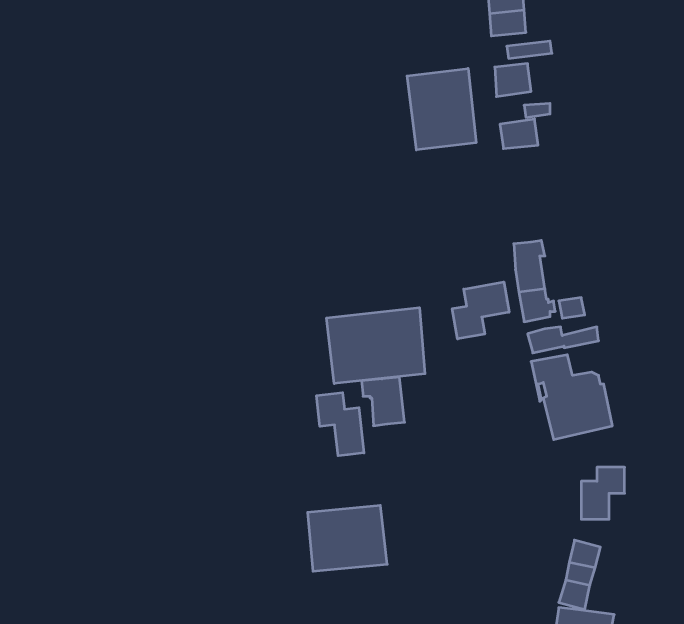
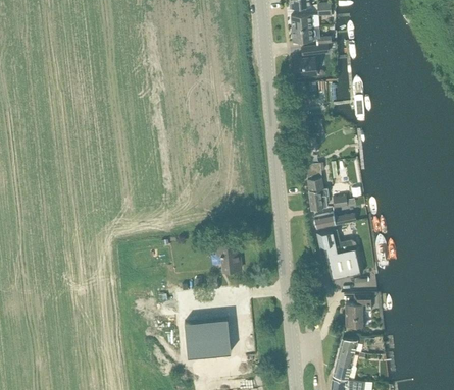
building: [407,68,476,150] -> none
building: [452,282,509,339] -> none
building: [327,308,425,384] -> none
building: [317,393,364,456] -> none

